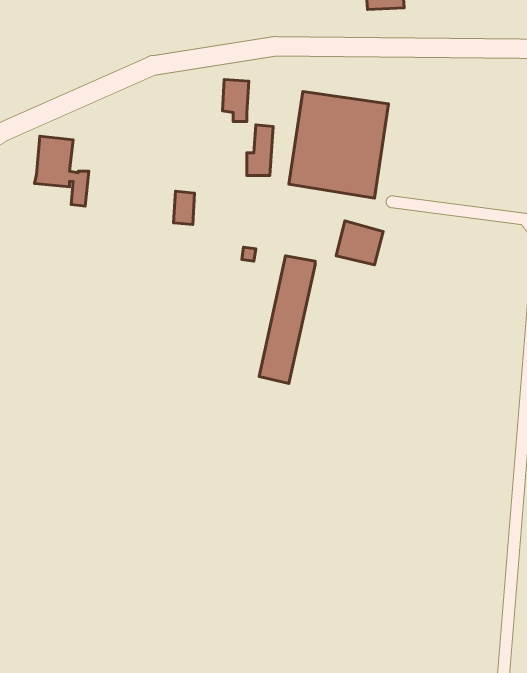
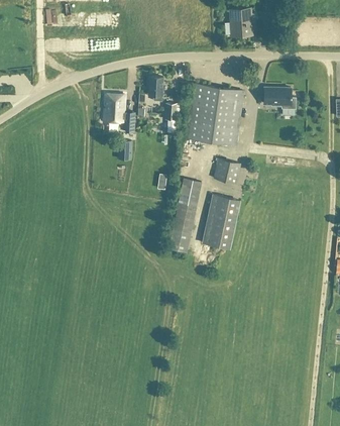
building: none -> [263,88,296,109]
building: [35,136,89,206] -> [105,93,136,133]
building: none -> [202,192,240,250]

